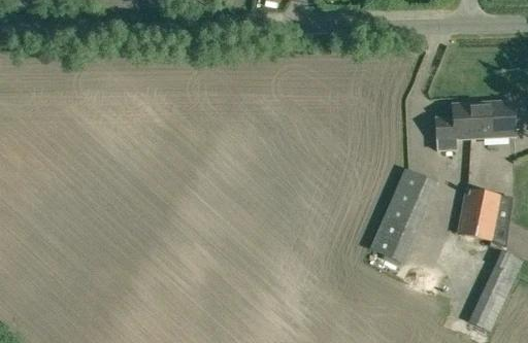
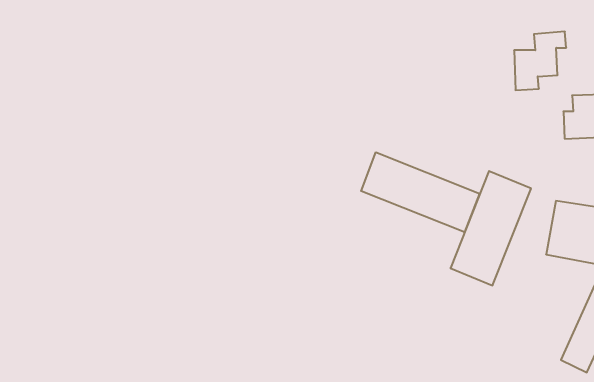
building: [434,101,477,149] -> [514,32,566,90]
building: none -> [361,152,479,232]

